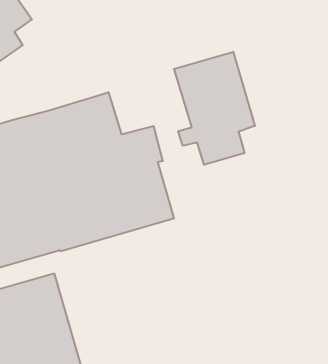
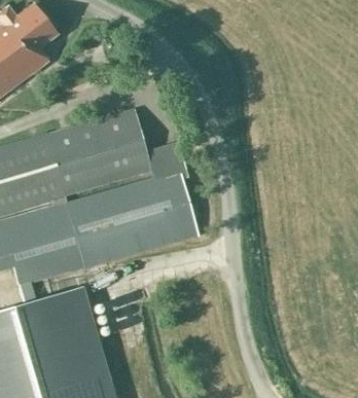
building: [174,52,255,165] -> none

